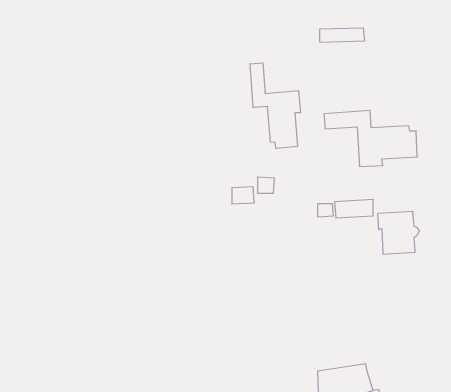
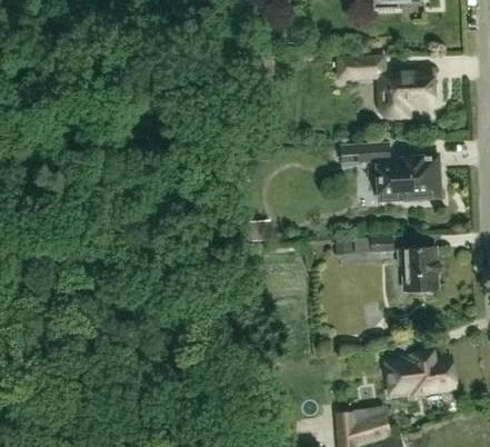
building: none -> [376,70,434,120]
building: [250,63,300,149] -> none
building: none -> [389,349,450,390]

